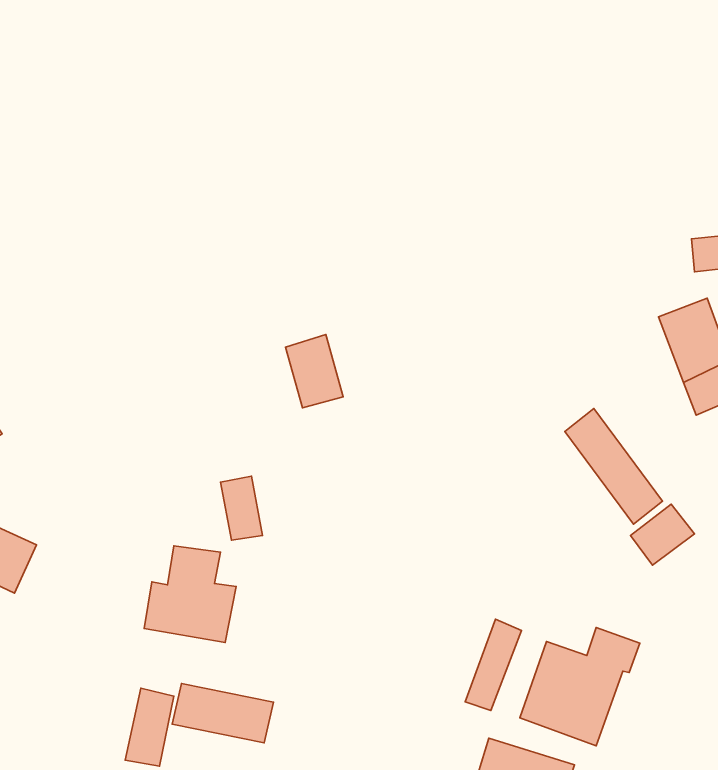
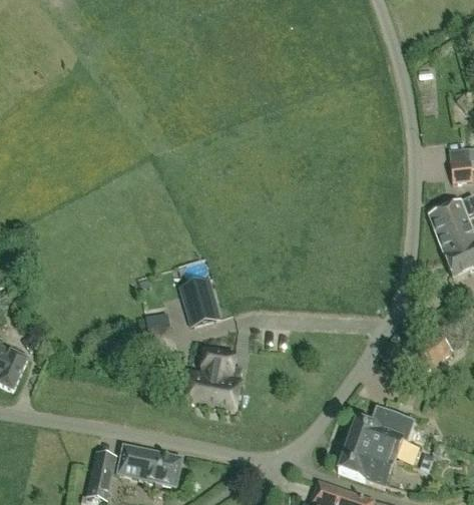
building: [285,335,343,408] -> [182,276,219,323]
building: [565,408,662,524] -> none
building: [144,546,236,643] -> [185,347,245,409]
building: [465,619,521,711] -> none

